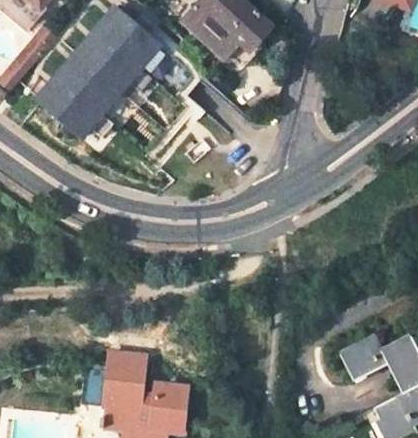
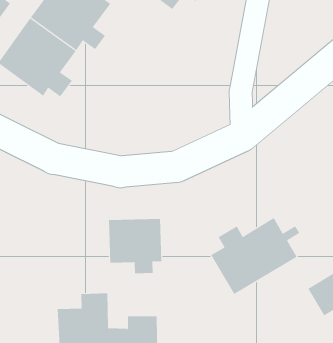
building: none -> [108,218,162,274]
building: none -> [210,217,300,295]

